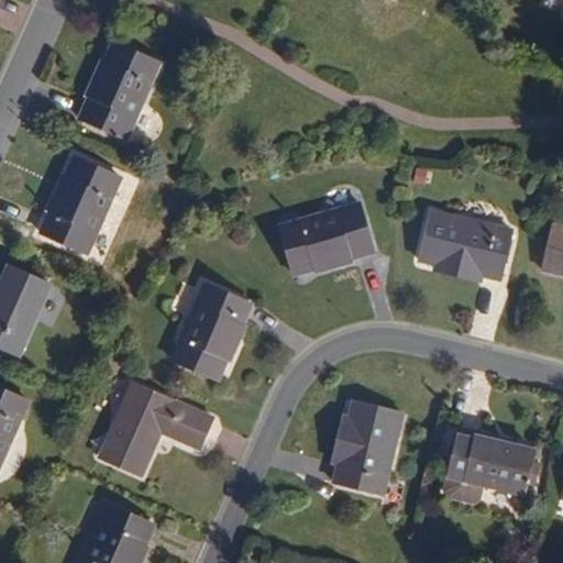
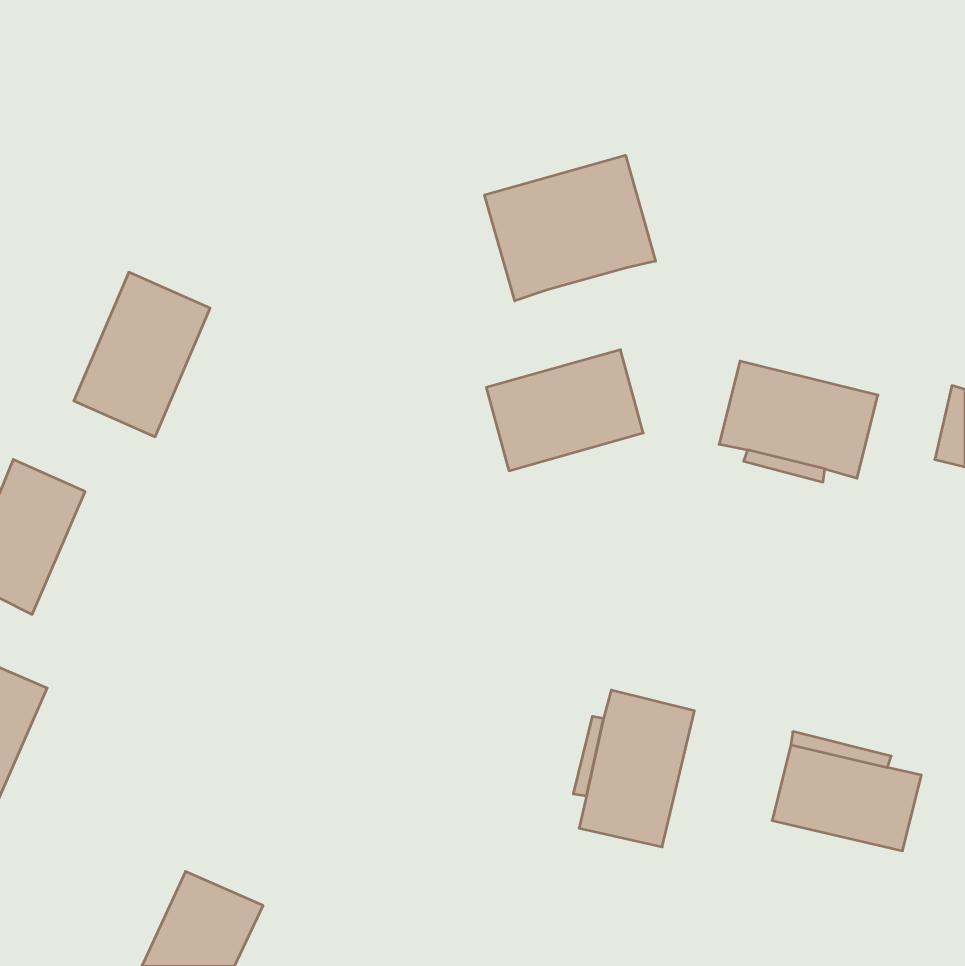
building: [81,44,159,139] -> none
building: none -> [485,155,656,301]
building: [172,284,251,379] -> none
building: [99,386,211,478] -> none

